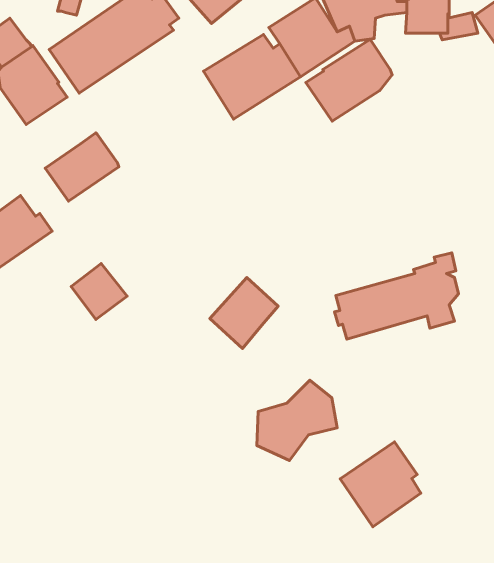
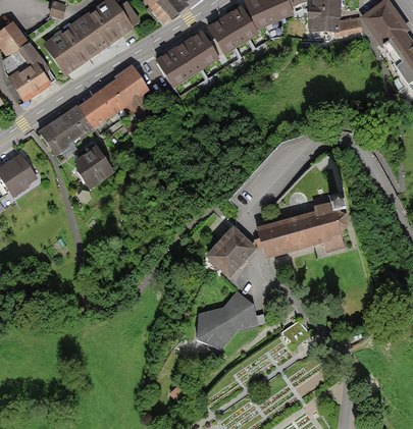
building: [306,39,392,121] -> none
building: none -> [78,64,153,127]
building: [71,263,127,319] -> [72,147,114,189]
building: [210,277,278,348] -> [205,225,256,278]
building: [340,442,421,527] -> none

